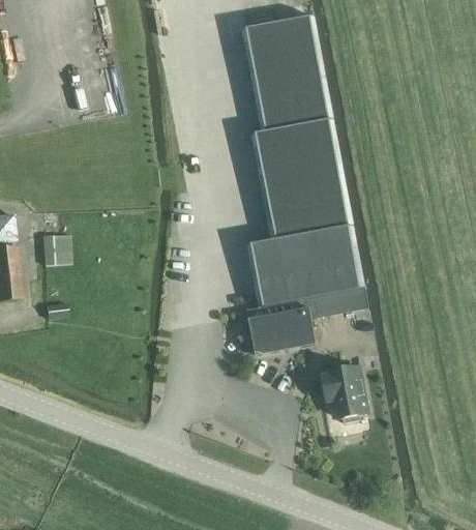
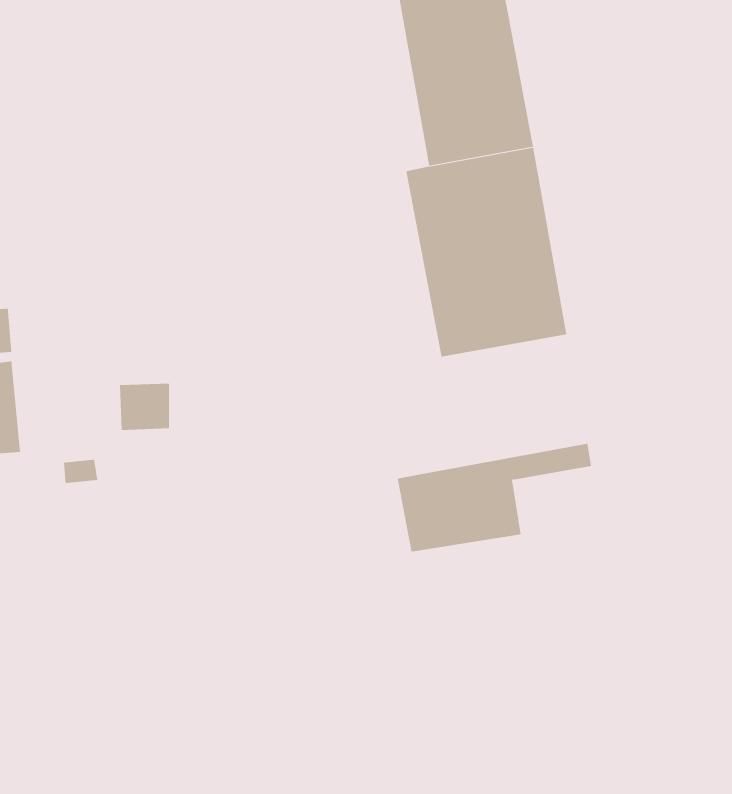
building: [251,227,360,308] -> none
building: [44,234,75,262] -> [119,383,170,430]
building: [327,363,375,420] -> none

